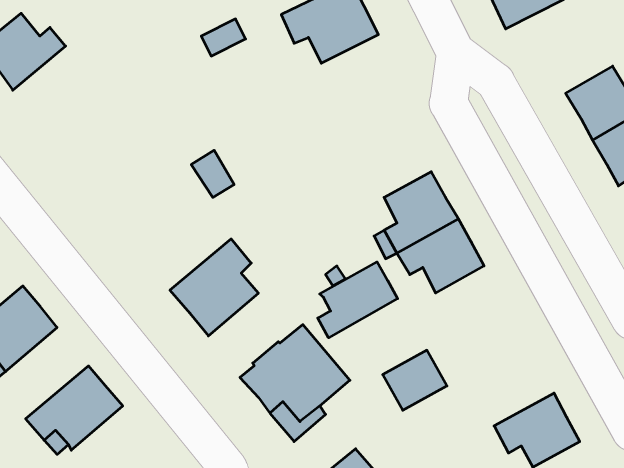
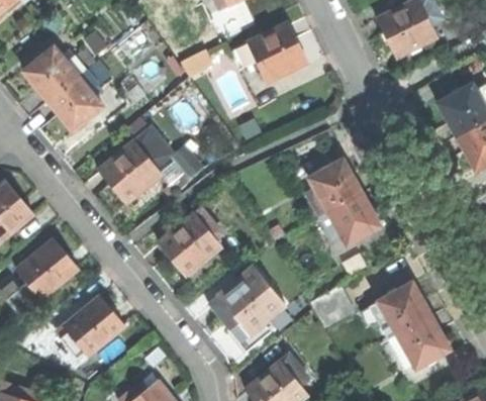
building: none -> [47,70,101,129]
building: none -> [99,135,161,203]
building: [318,262,398,338] -> none
building: none -> [378,282,430,338]

